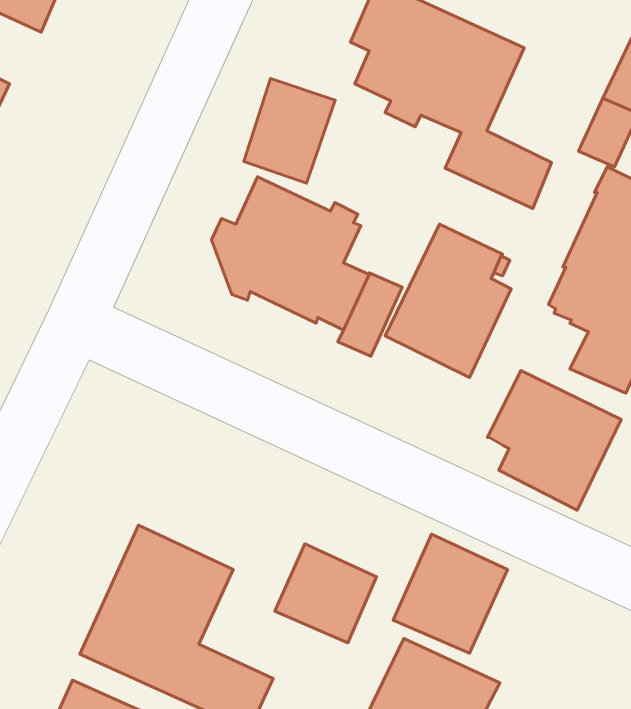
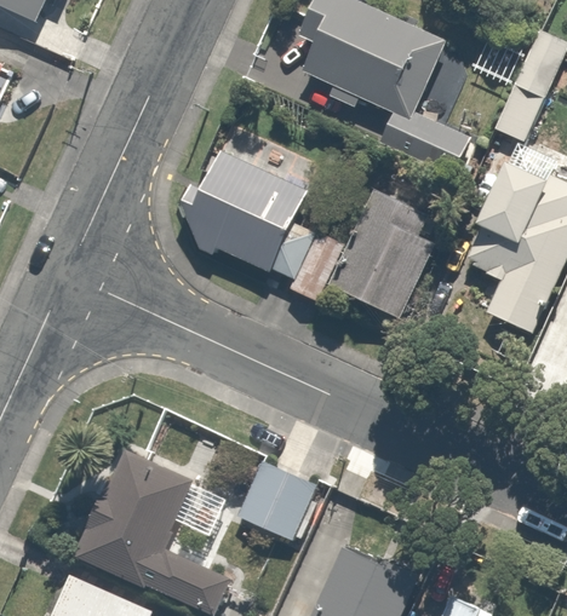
building: [244,79,335,183] -> none
building: [488,370,621,510] -> none
building: [393,534,508,653] -> none

